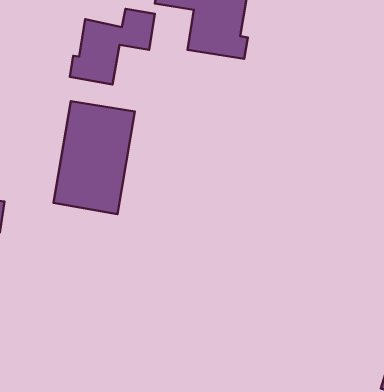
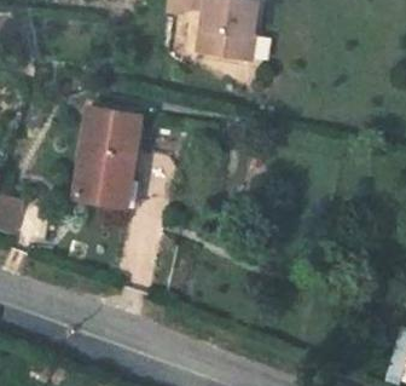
building: [70,9,155,85] -> none

